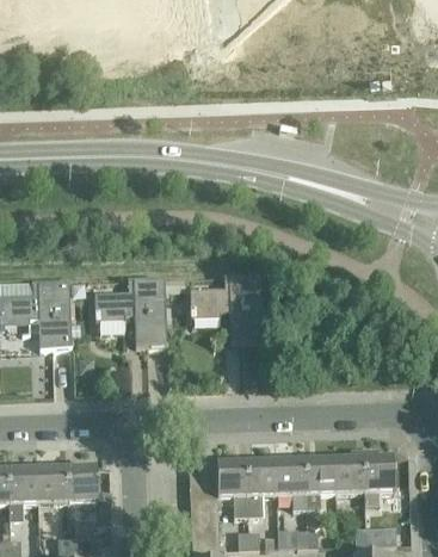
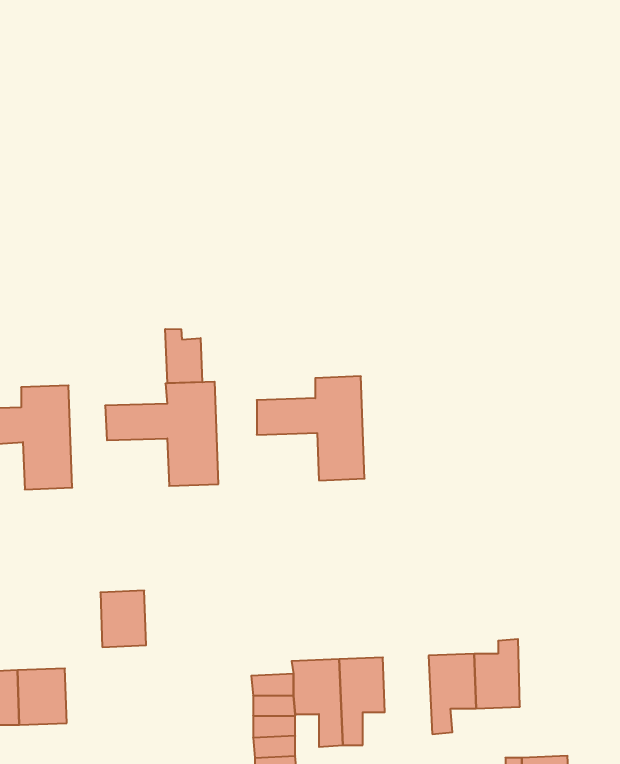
building: none -> [165,329,202,383]
building: [363,446,395,505] -> none
building: [274,457,307,508] -> none
building: [67,464,97,501] -> [100,591,146,647]

